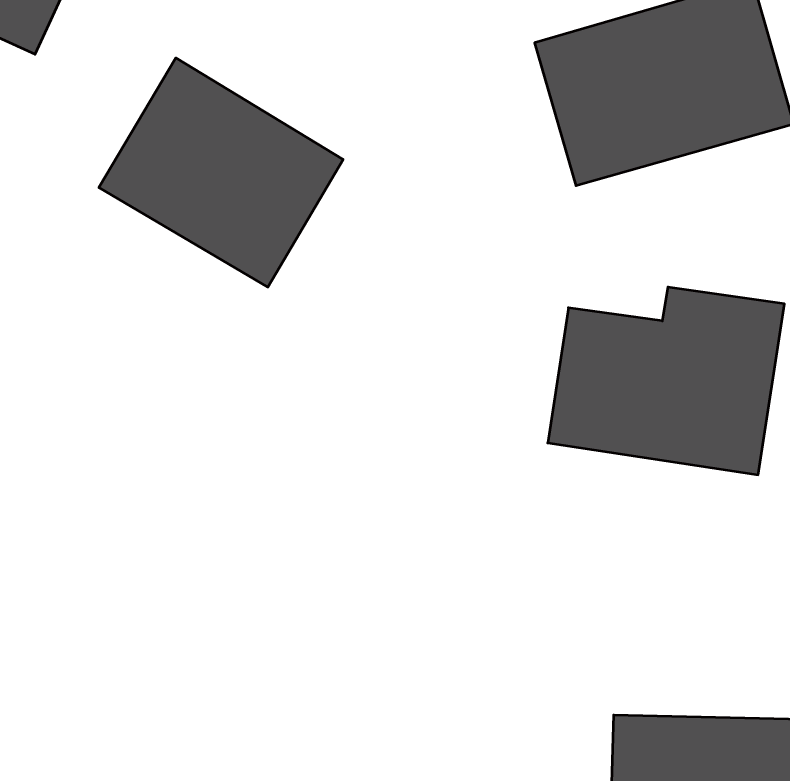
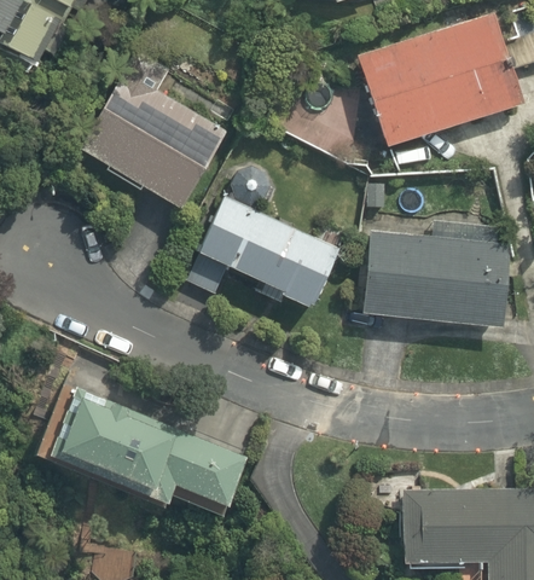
building: none -> [197,188,346,317]
building: none -> [47,384,255,511]

